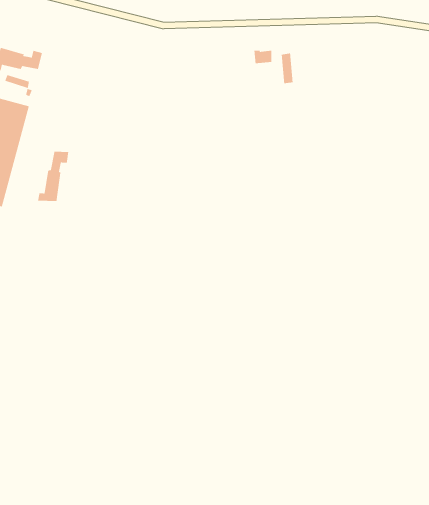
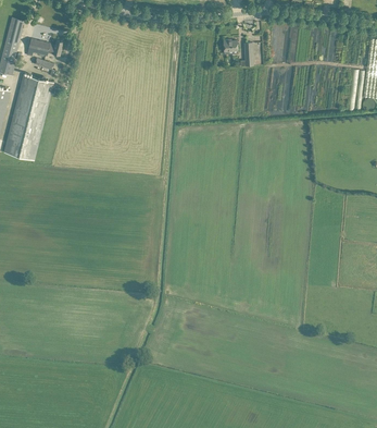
building: [37,151,69,202] -> none

